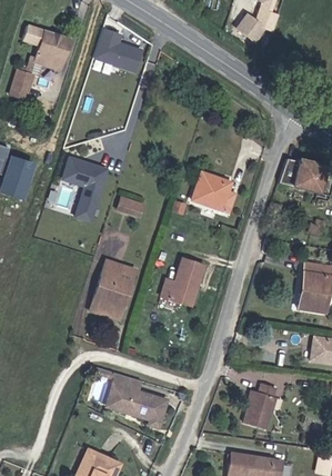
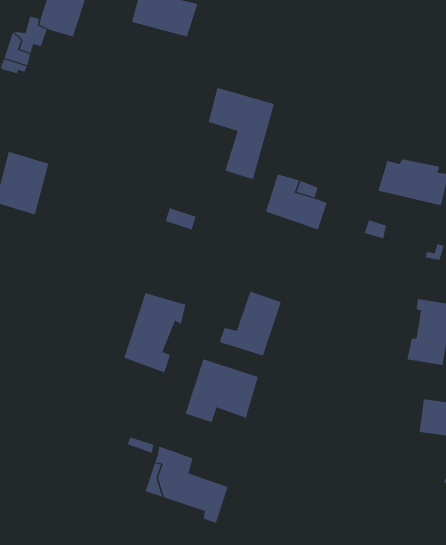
building: [62,153,111,221] -> [208,87,275,180]
building: none -> [185,359,258,423]
building: [245,385,275,432] -> none

